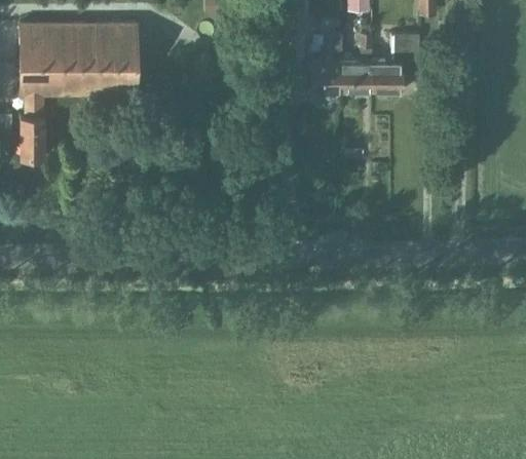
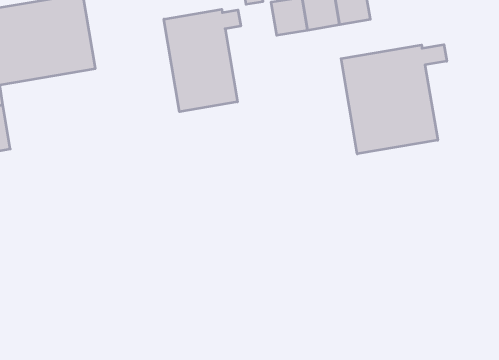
building: none -> [164,9,241,112]
building: none -> [341,45,447,154]

